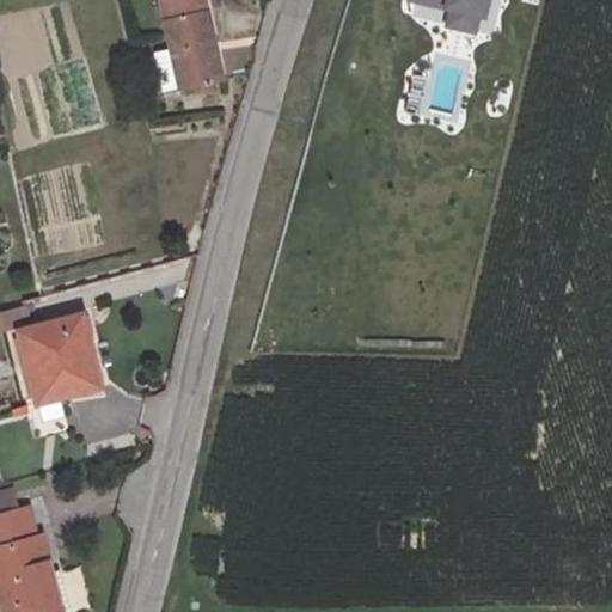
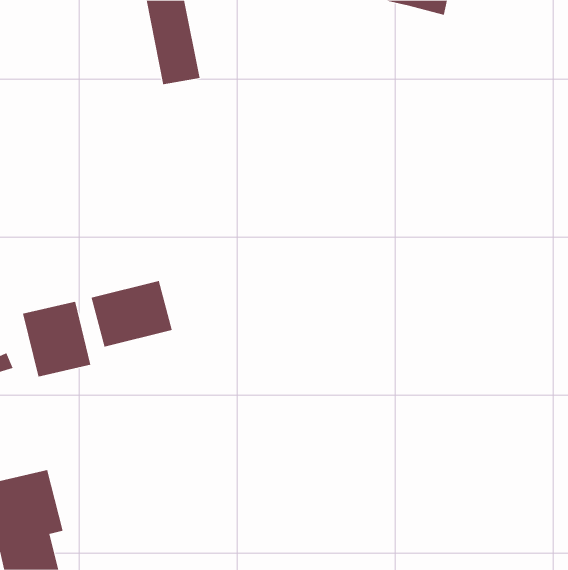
building: none -> [91,280,172,347]

